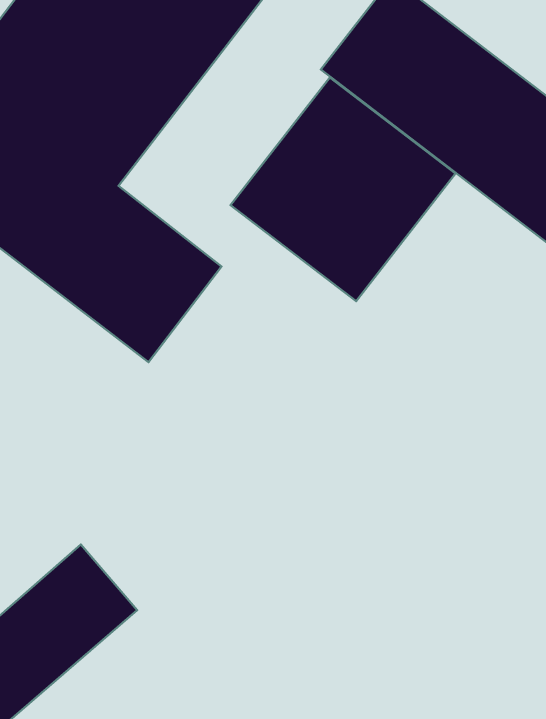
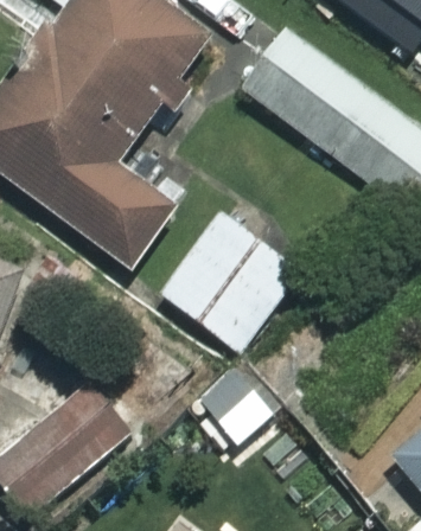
building: [231,78,456,301] -> [159,211,301,352]

